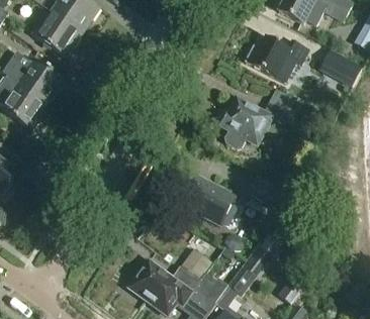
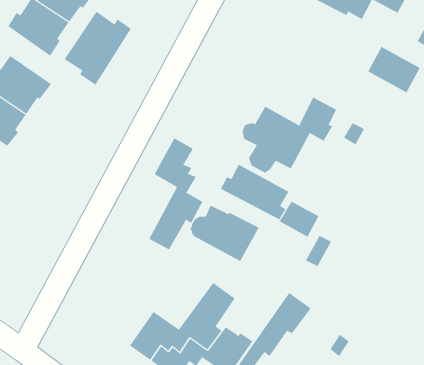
building: none -> [64,11,132,85]
building: [244,37,304,82] -> none
building: none -> [148,138,203,250]
building: none -> [220,164,289,220]

